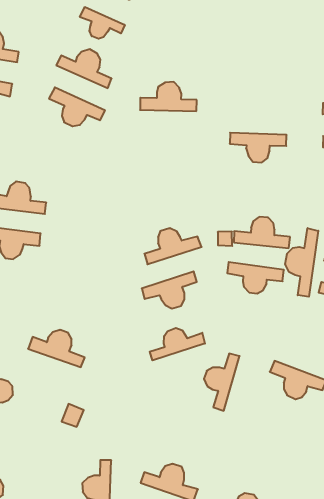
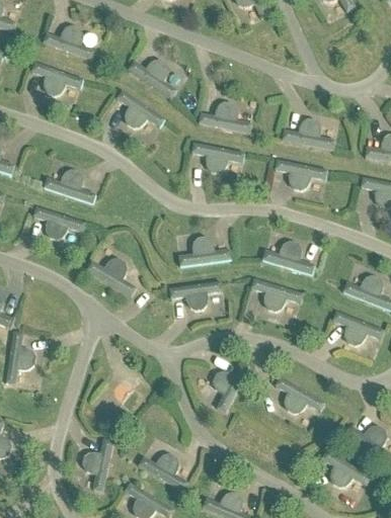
building: [80,7,125,39] -> none
building: none -> [281,118,334,150]
building: none -> [190,142,244,174]
building: [285,228,318,297] -> none
building: [150,328,205,360] -> none
building: [28,330,85,367] -> [85,258,136,295]

